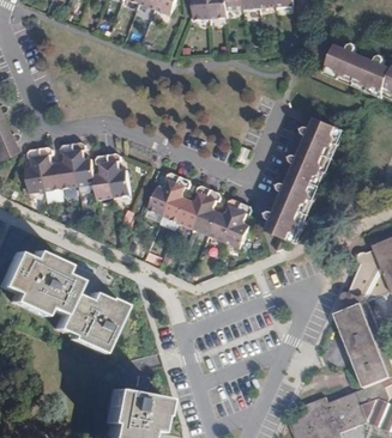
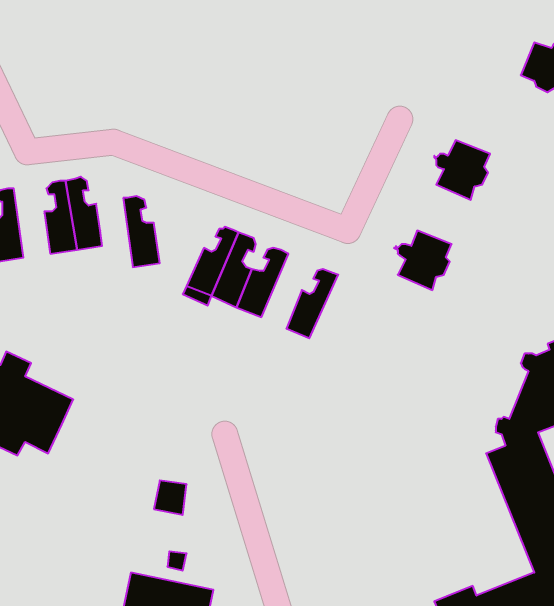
building: [327,43,364,78] -> none
building: [40,146,62,191] -> none
building: [290,146,325,183] -> none
building: [94,154,114,200] -> none
building: [194,189,221,236] -> none
building: [224,202,252,249] -> none
building: [266,202,301,241] -> none
building: [54,292,122,352] -> none

